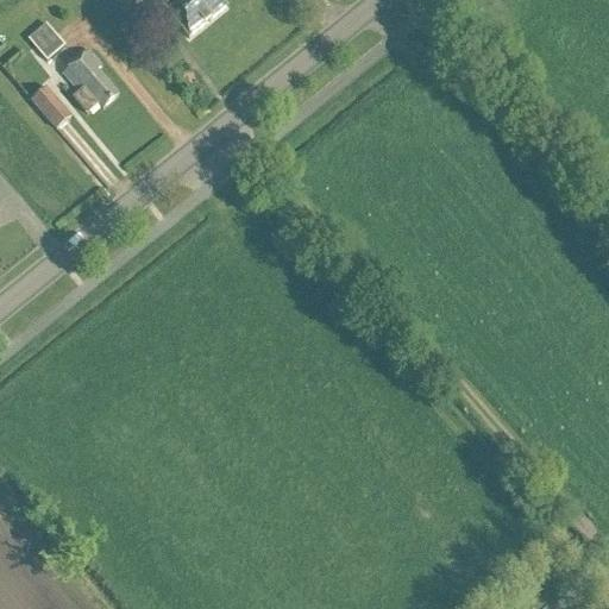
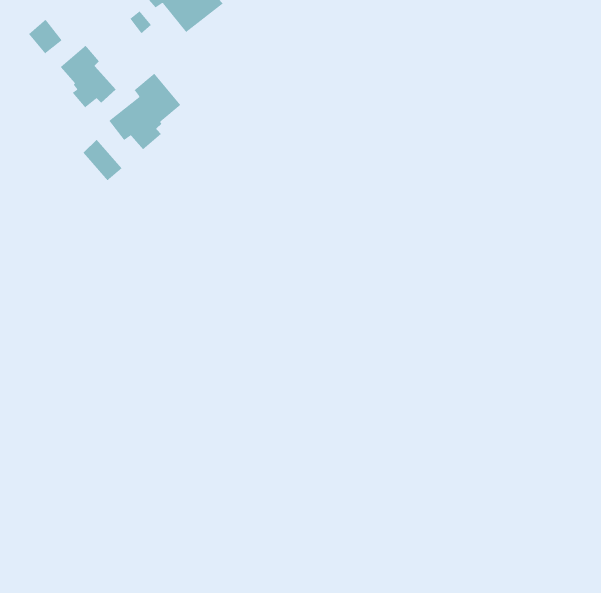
building: none -> [108,73,181,150]
building: [31,83,71,126] -> [83,139,123,181]

